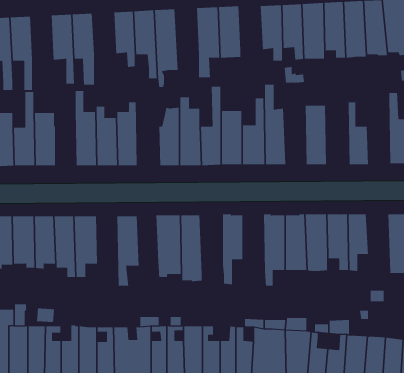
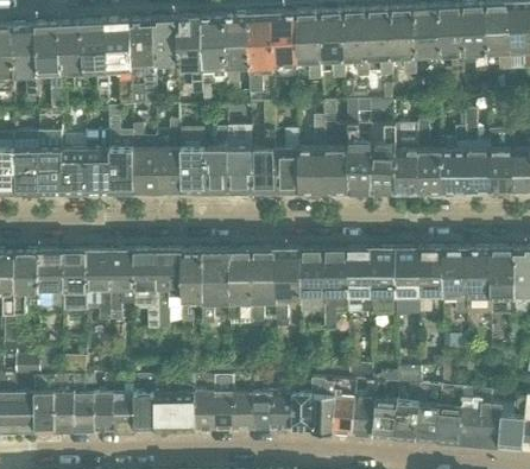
building: none -> [296,12,322,76]
building: none -> [223,14,250,85]
building: none -> [130,19,157,106]
building: none -> [59,23,86,88]
building: none -> [347,101,372,192]
building: none -> [442,115,467,192]
building: none -> [179,119,206,194]
building: none -> [395,125,421,192]
building: none -> [87,132,111,194]
building: none -> [301,248,324,313]
building: none -> [441,248,467,315]
building: none -> [181,249,203,322]
building: none -> [252,249,278,317]
building: none -> [134,251,158,330]

